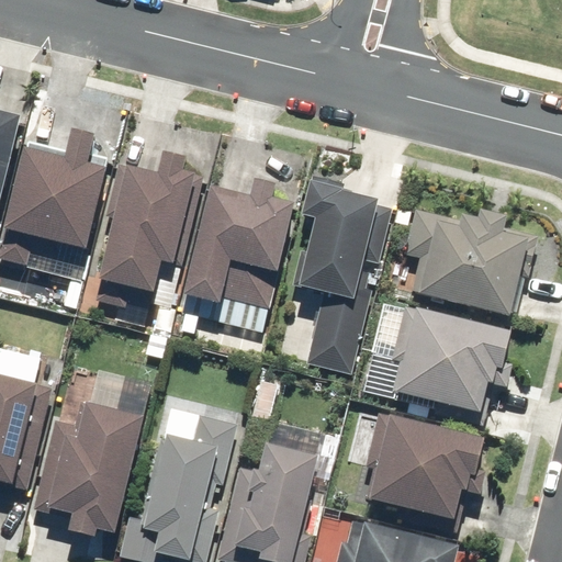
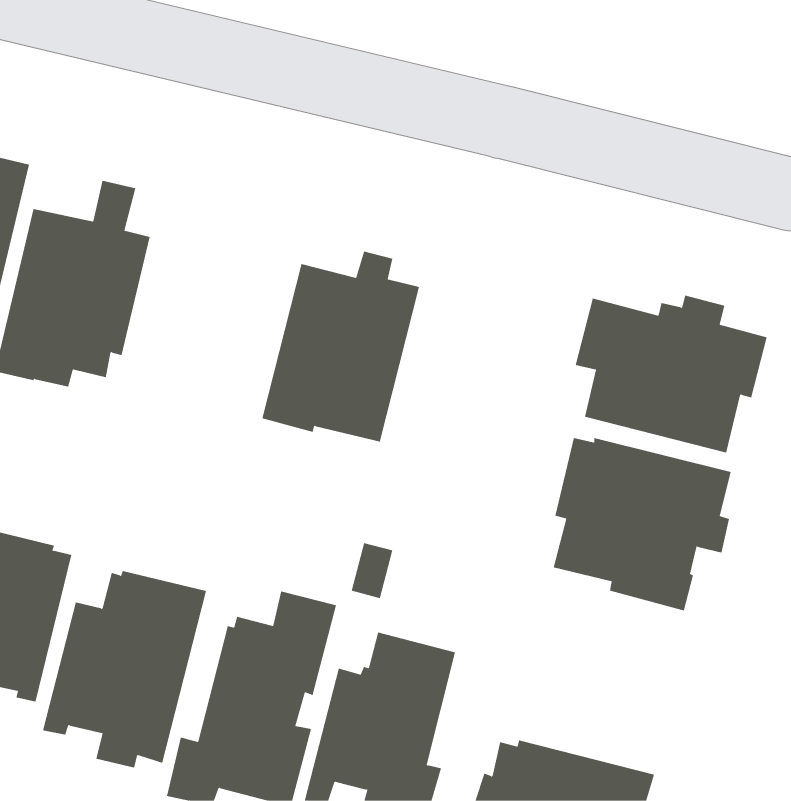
building: [98,147,202,293] -> none
building: [289,177,390,375] -> none
building: [363,412,486,521] -> none

